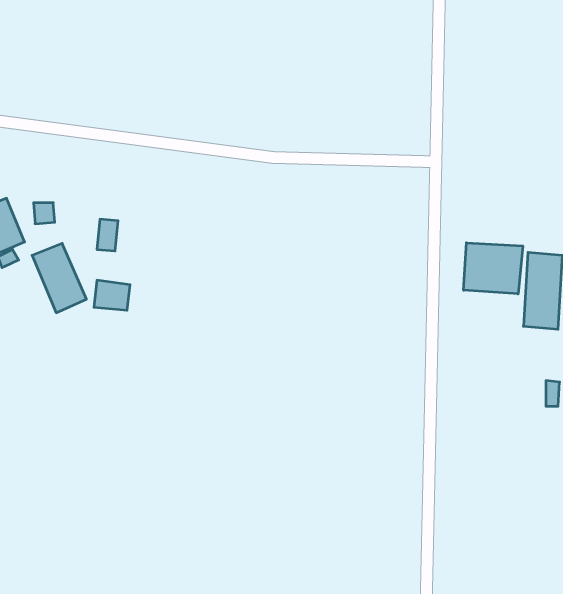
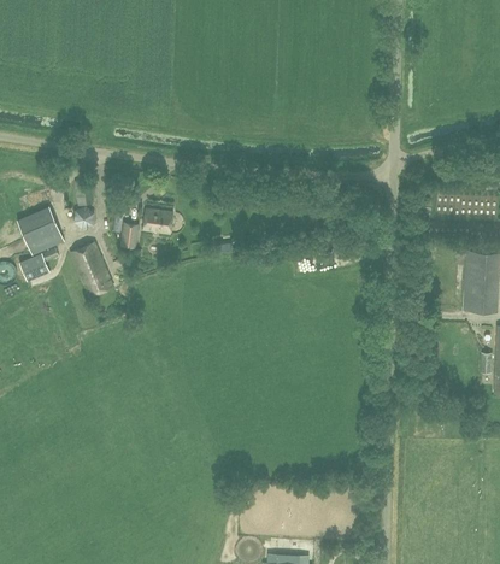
building: [464,243,523,294] -> none
building: [94,280,130,310] -> [143,208,172,233]

